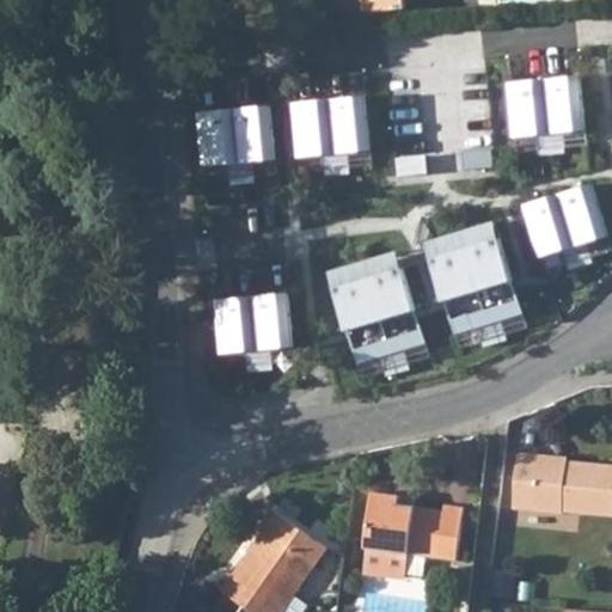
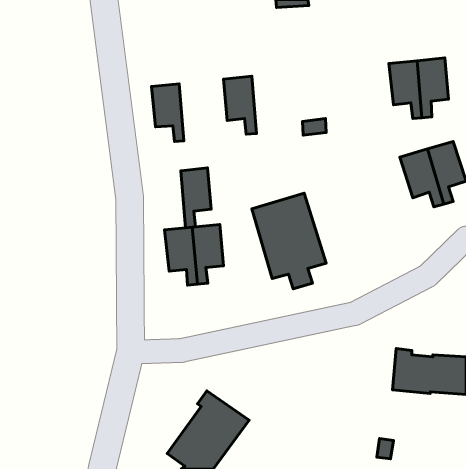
building: [328,96,368,173] -> none
building: [233,105,273,183] -> [181,168,211,228]
building: [424,222,520,345] -> none
building: [359,491,461,573] -> none

